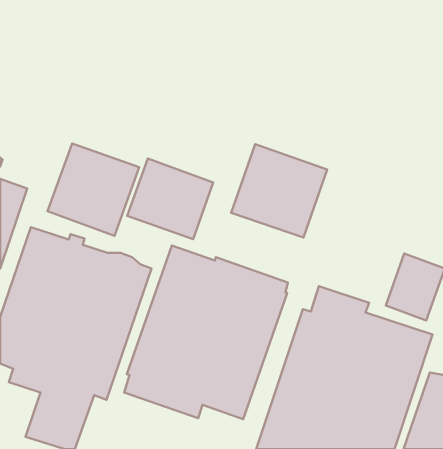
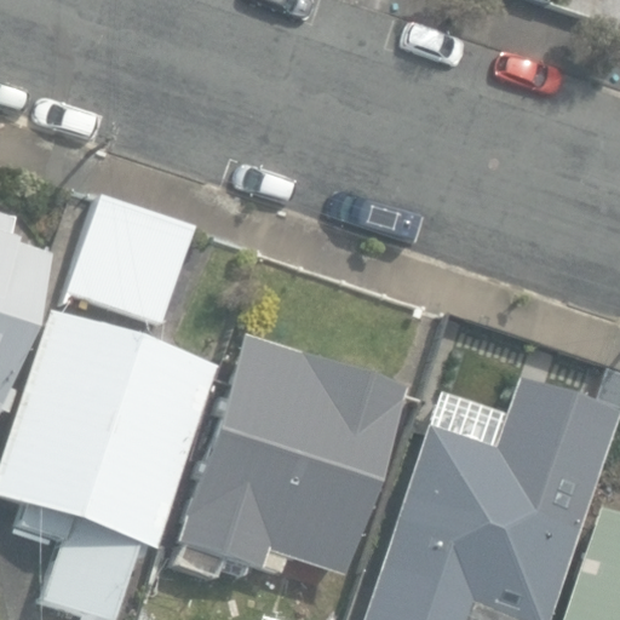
building: [231,144,327,237] -> none
building: [127,159,213,239] -> none

